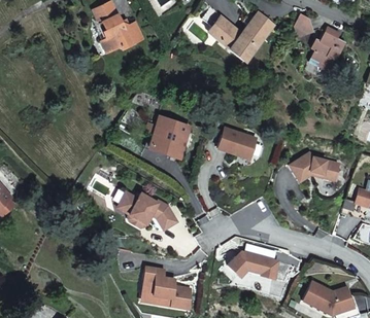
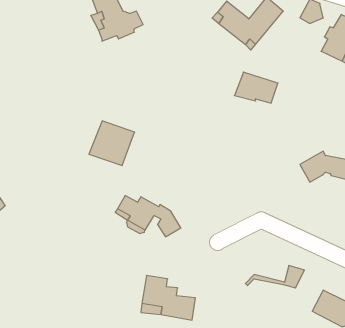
building: [148,117,191,158] -> [89,121,135,165]
building: [218,130,259,158] -> [234,72,278,103]
building: [229,252,279,276] -> none

